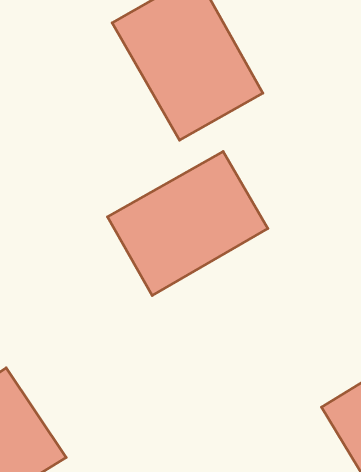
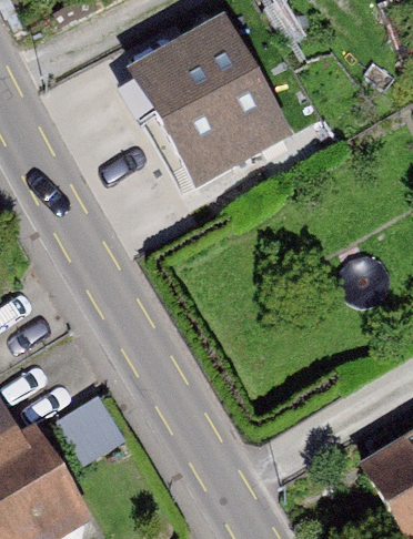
building: [107,151,268,296] -> none

